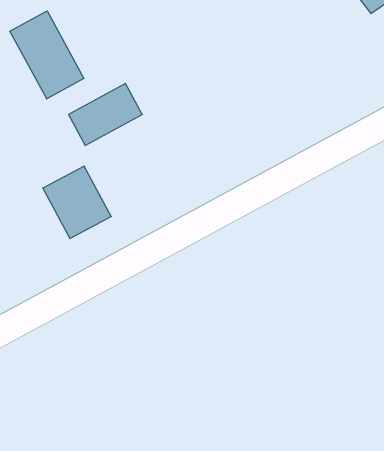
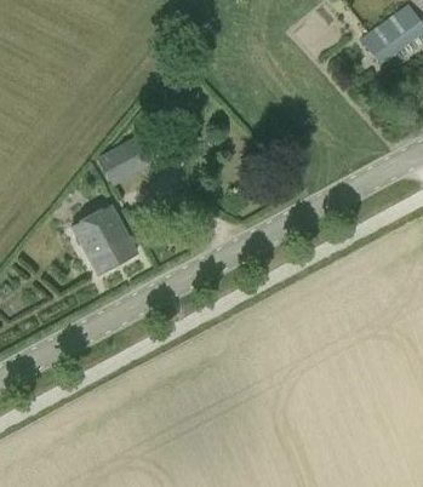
building: [10,11,84,99] -> none

